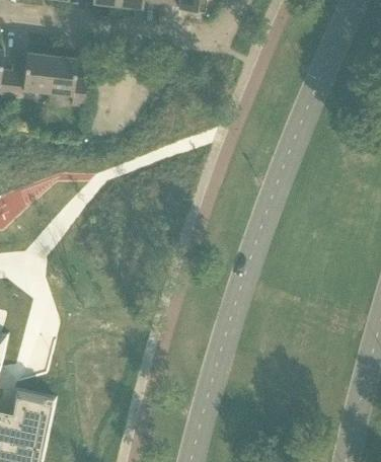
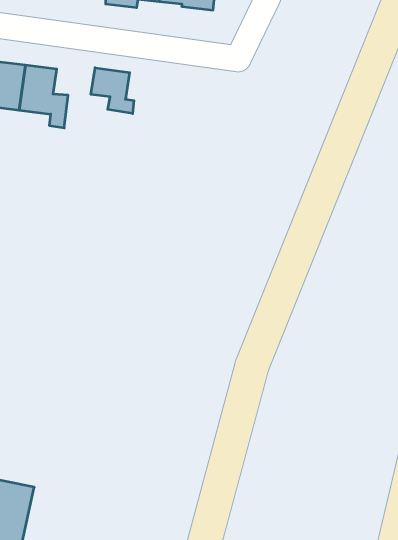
building: none -> [91,68,134,114]

